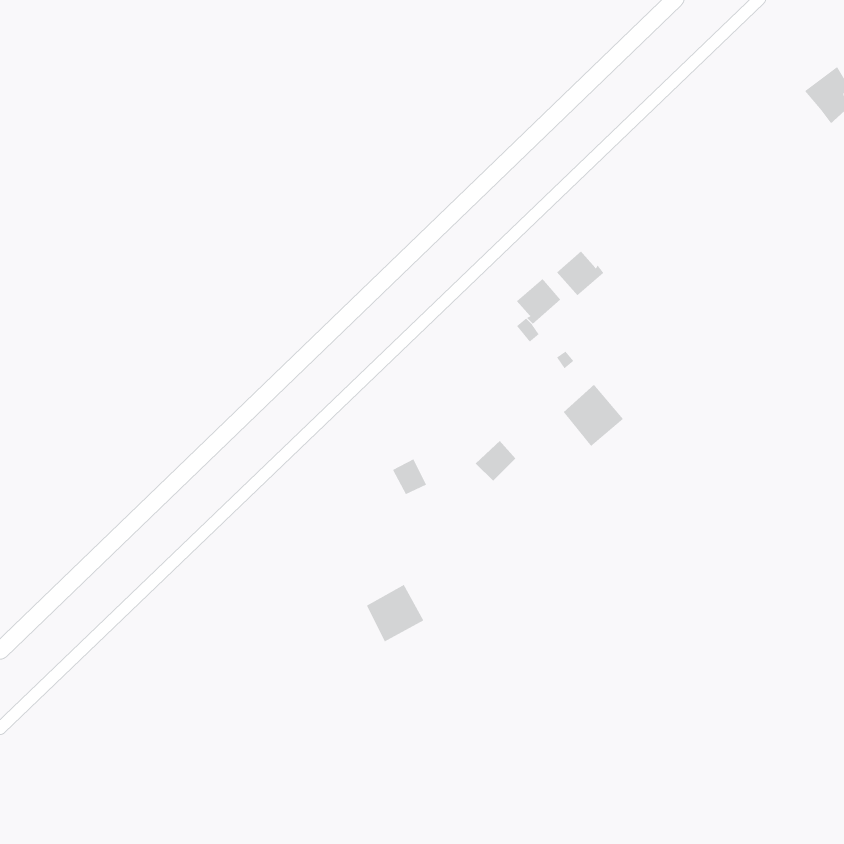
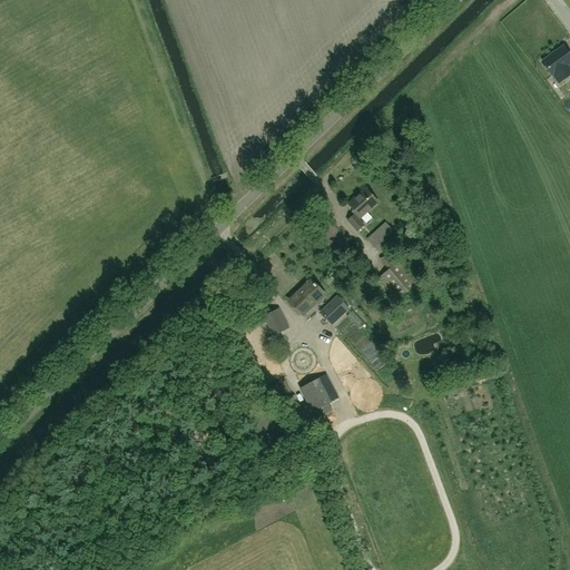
building: [556,250,604,296] -> none
building: none -> [291,279,325,314]
building: [366,584,424,642] -> [301,373,340,412]

